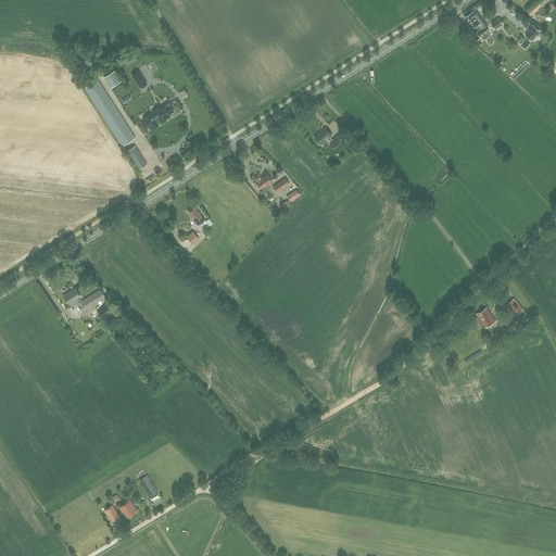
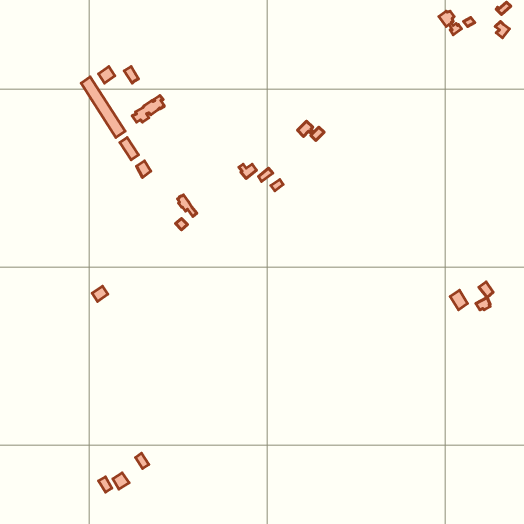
building: [63,289,105,313] -> none

